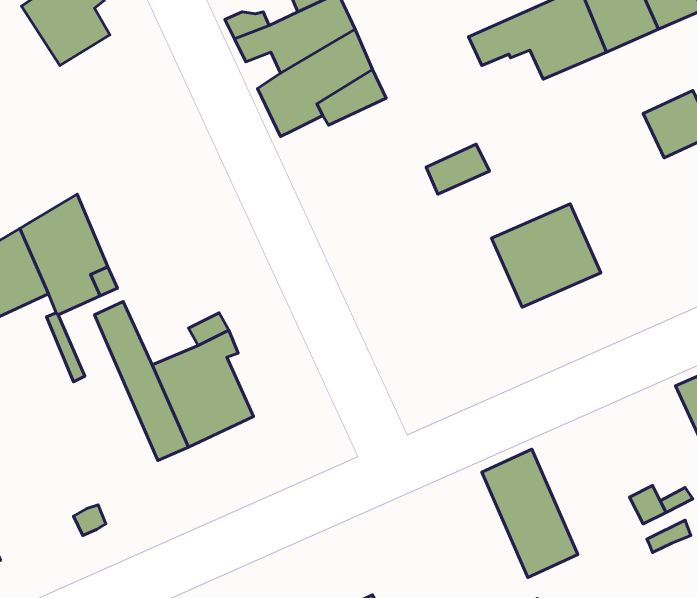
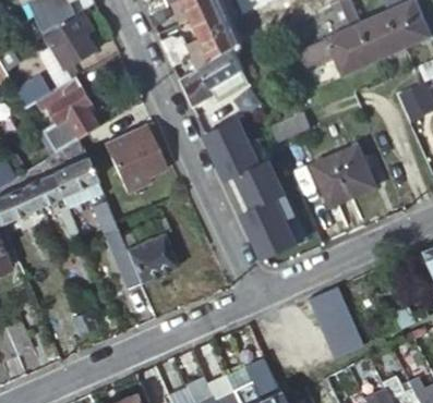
building: none -> [37,76,98,157]
building: none -> [205,118,298,260]
building: none -> [104,122,167,194]

